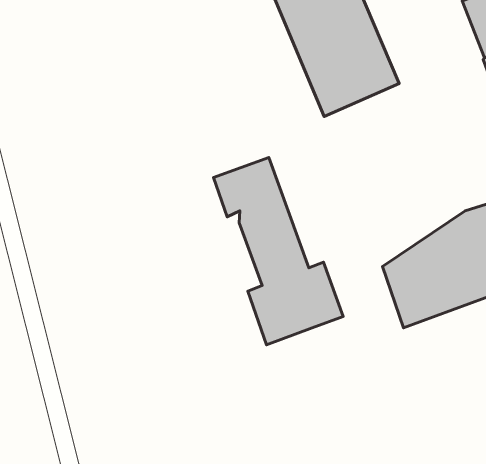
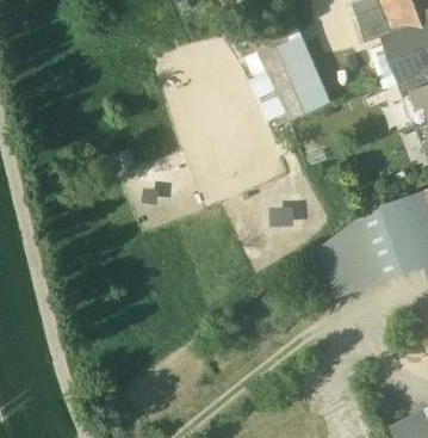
building: [214,158,343,345] -> none

